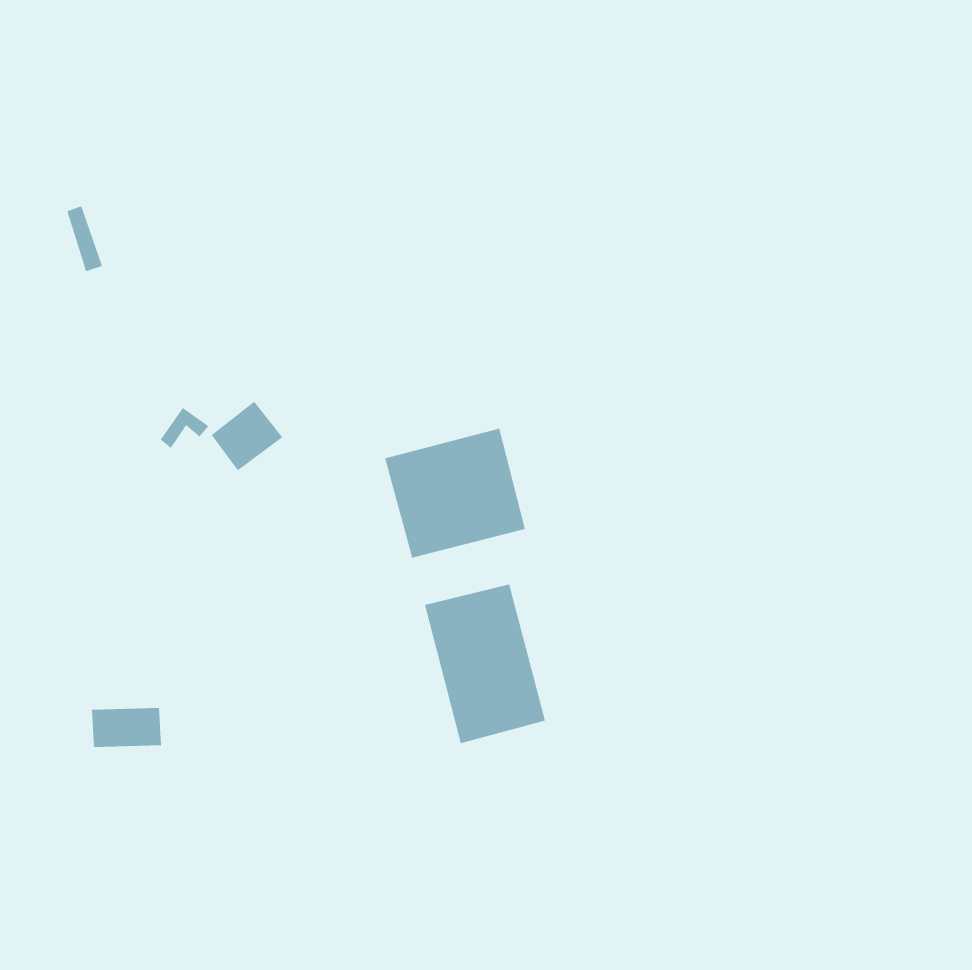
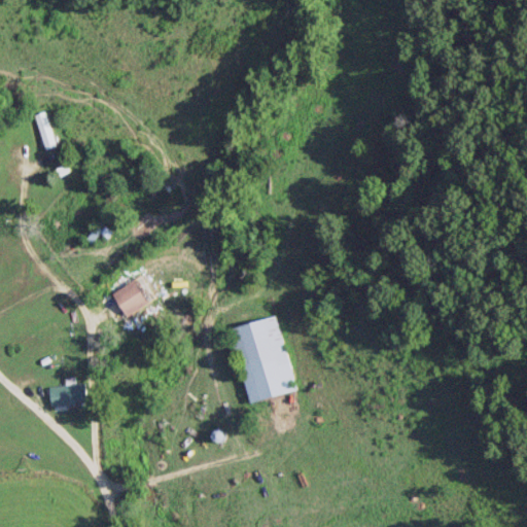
building: [211,401,283,471] -> [114,278,153,316]
building: [384,428,525,558] -> none

